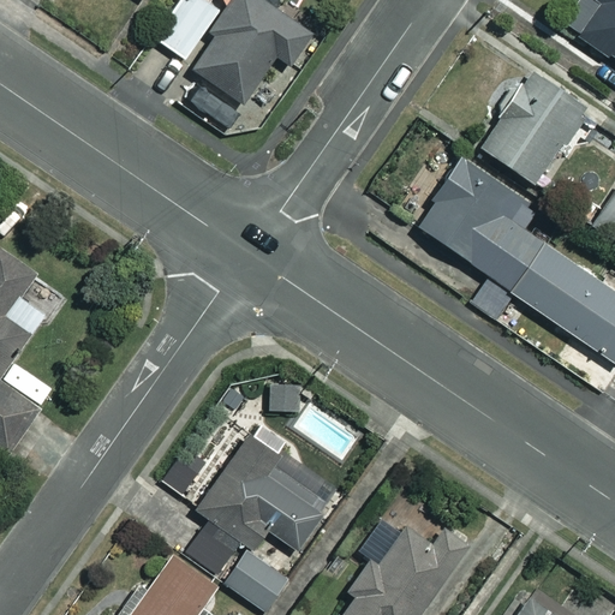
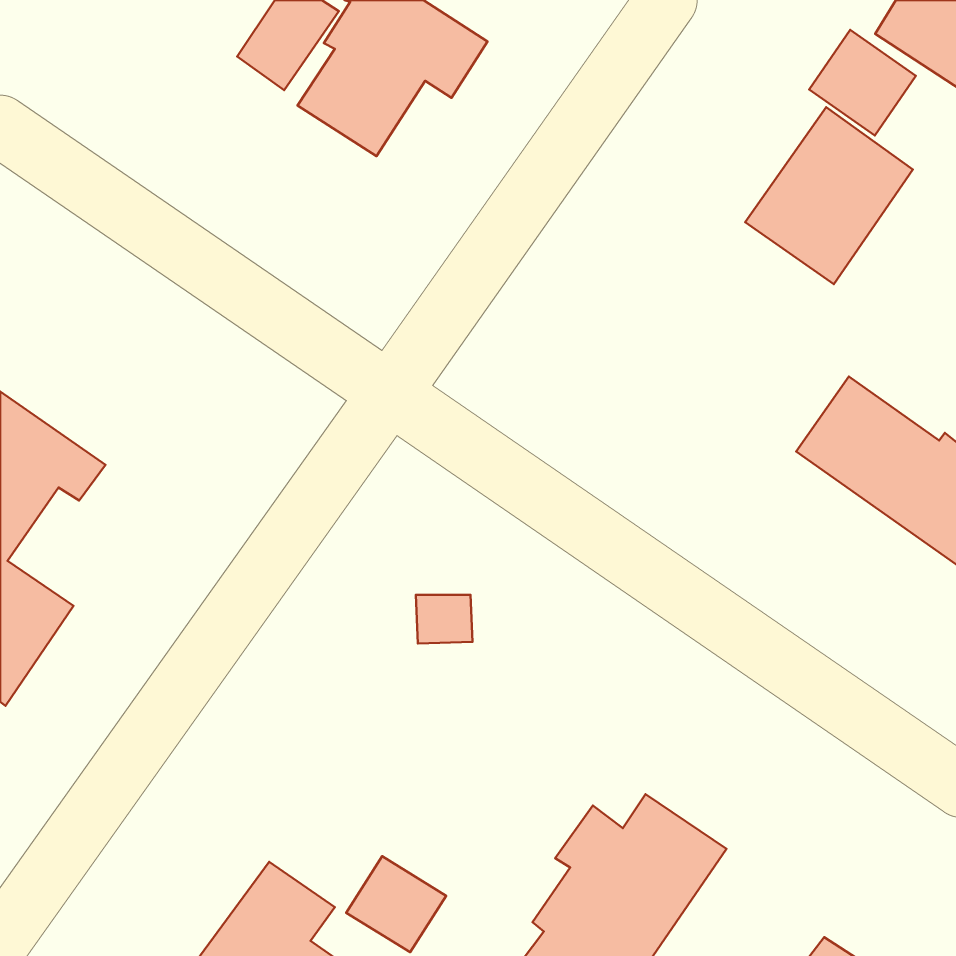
building: none -> [809,30,916,136]
building: [414,157,545,292] -> none
building: [197,434,338,557] -> none

